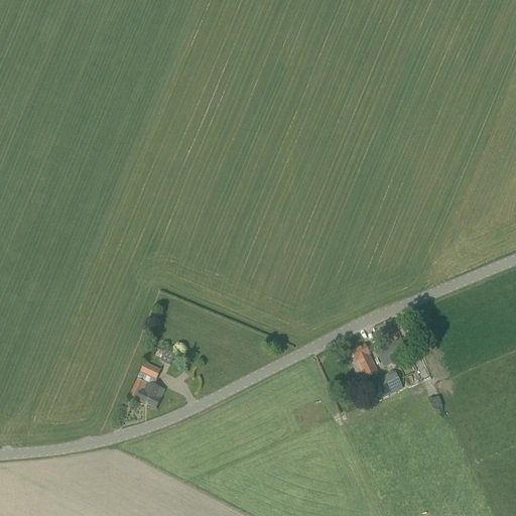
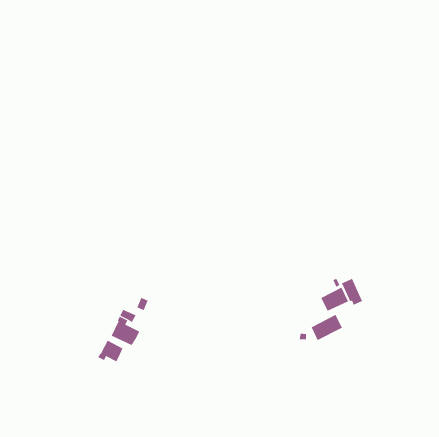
building: [352,345,377,377] -> [341,278,363,305]
building: none -> [98,340,123,362]

